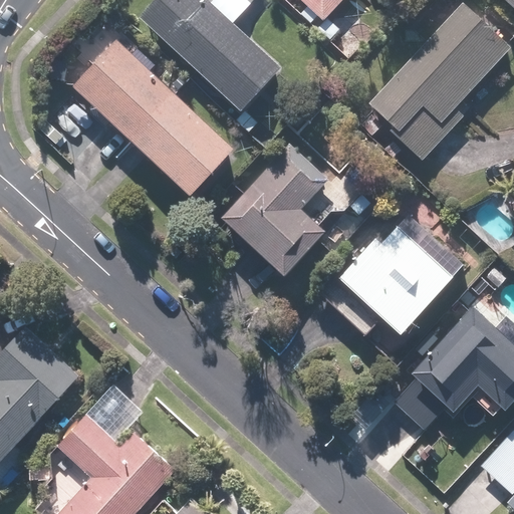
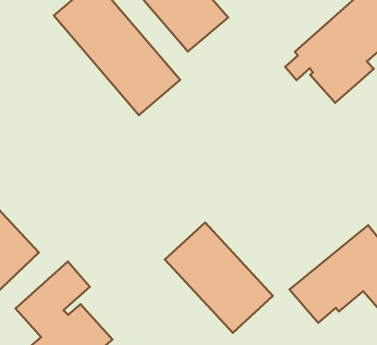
building: [219,145,329,278] -> none
building: [319,213,463,337] -> none
building: none -> [165,223,273,333]

